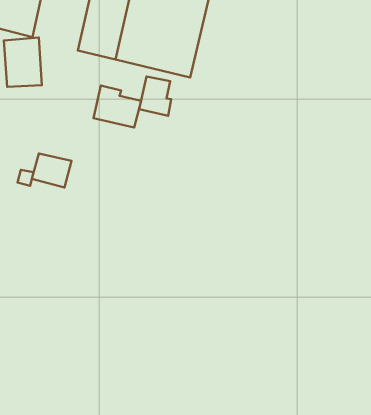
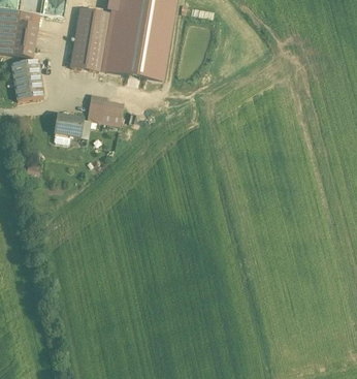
building: [139,76,171,116] -> none
building: [32,154,72,187] -> [54,112,85,137]

